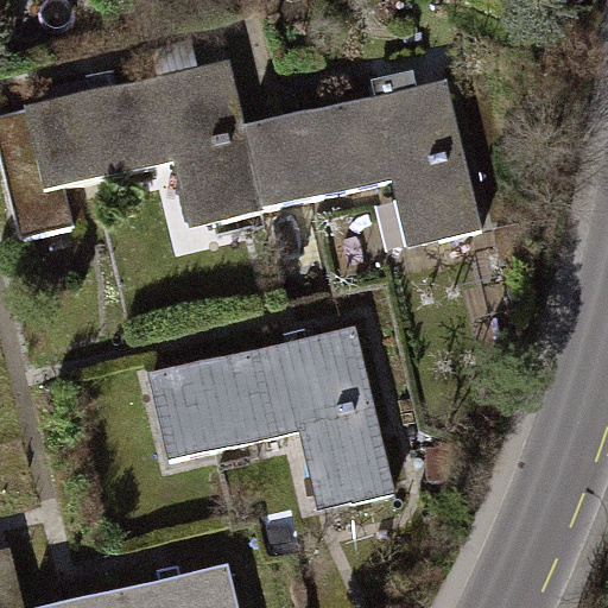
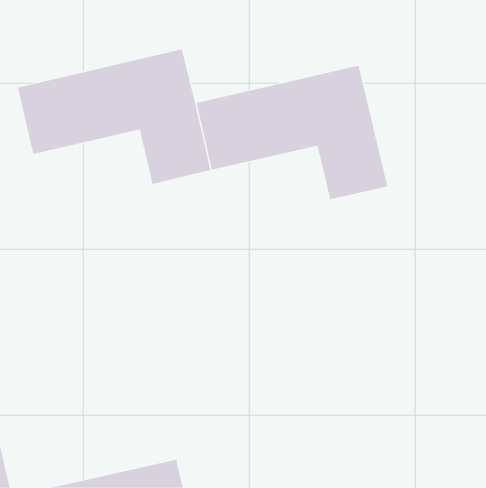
building: [147,329,390,506] -> none

